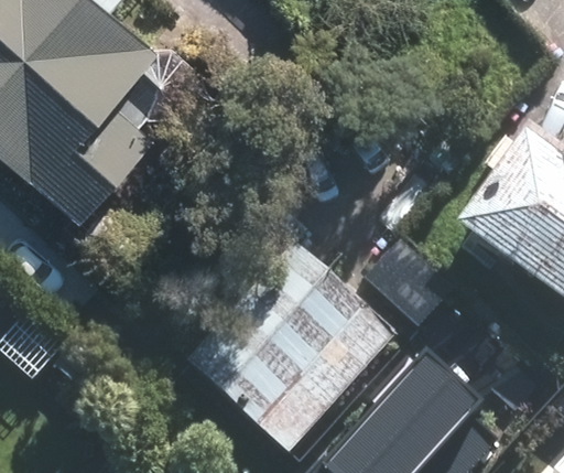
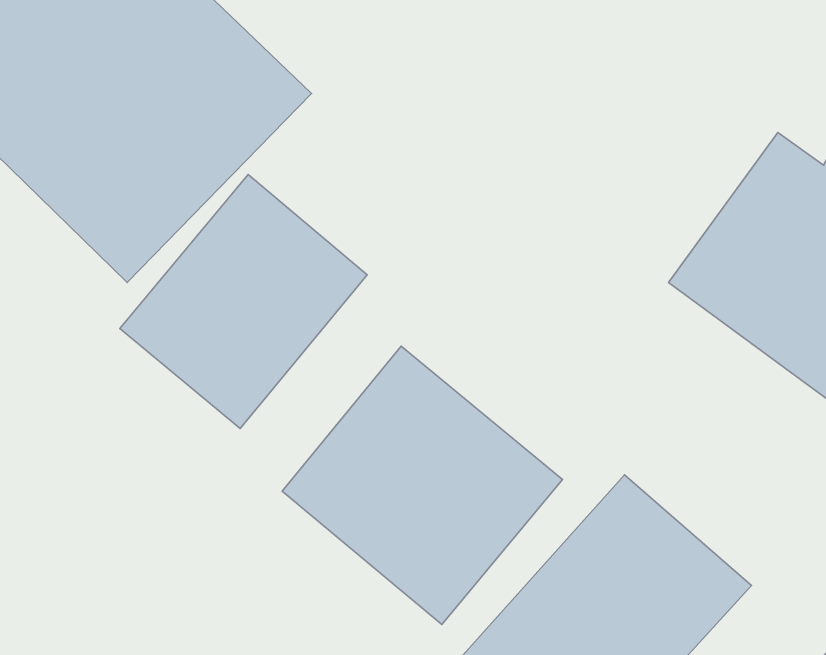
building: none -> [120,175,367,428]

